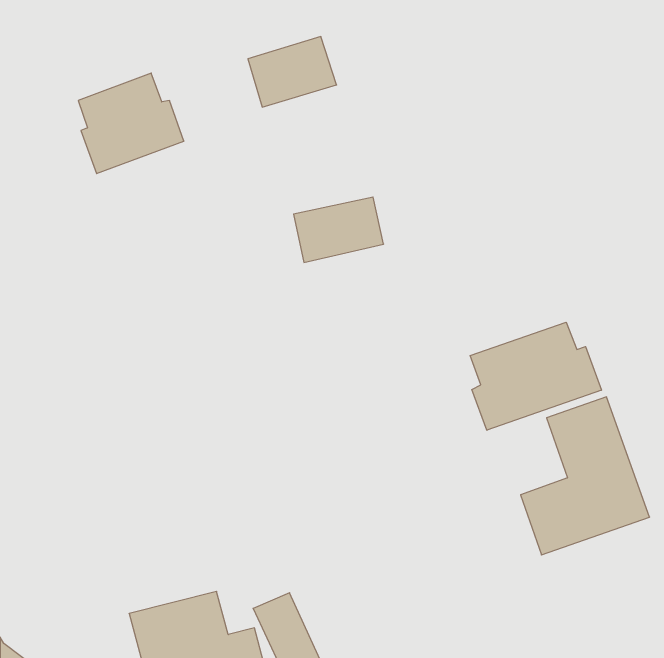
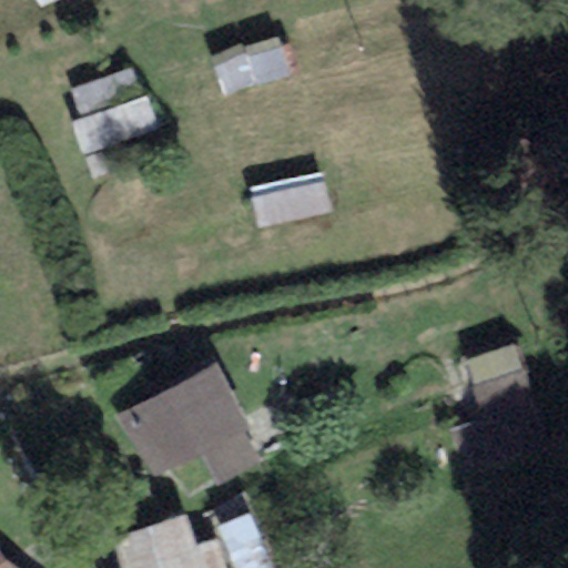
building: [470,322,601,430] -> none
building: none -> [121,358,263,488]

